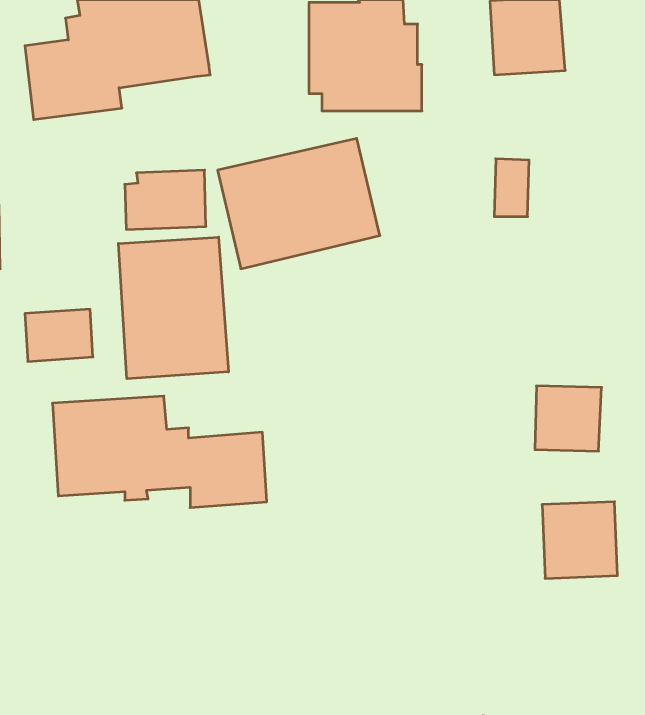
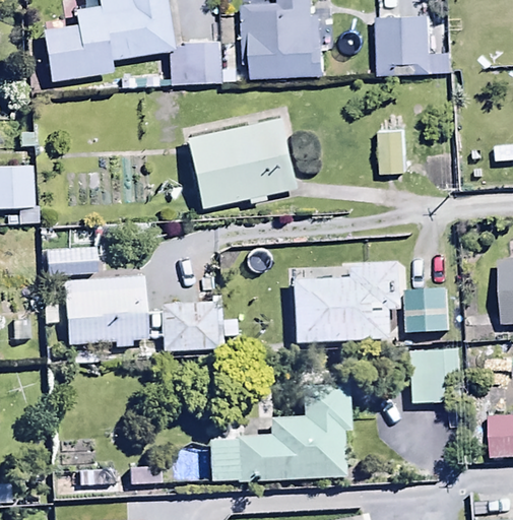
building: [125,170,206,229] -> [168,46,225,87]
building: [118,237,228,379] -> none
building: none -> [290,253,394,328]
building: none -> [210,386,352,486]

